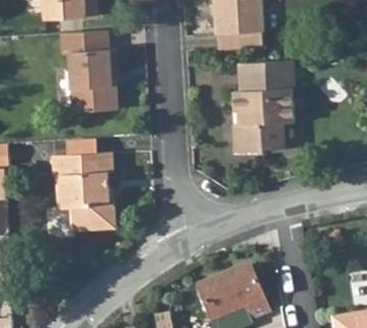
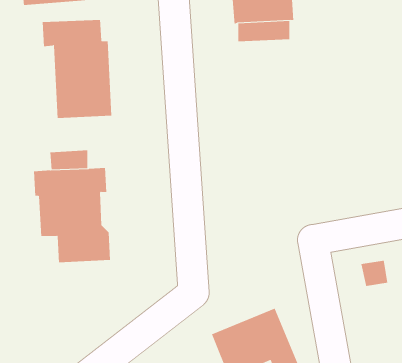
building: [232,61,295,154] -> none

